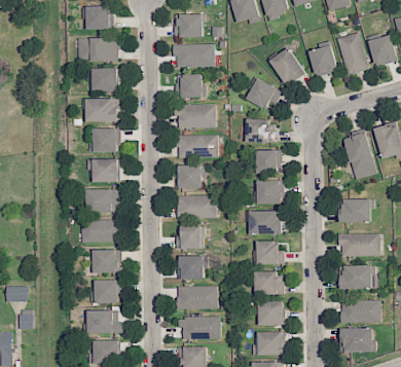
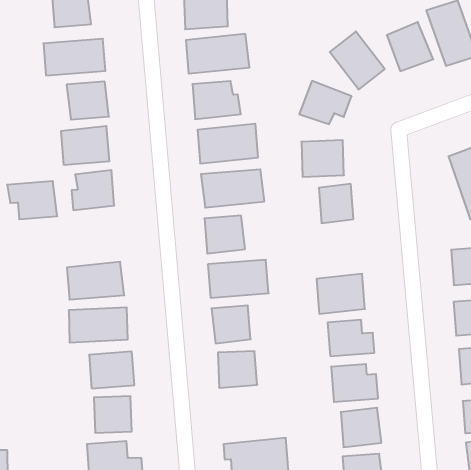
building: [86,158,118,182] -> [7,181,57,219]
building: [255,180,281,204] -> none
building: [177,286,217,308] -> none

